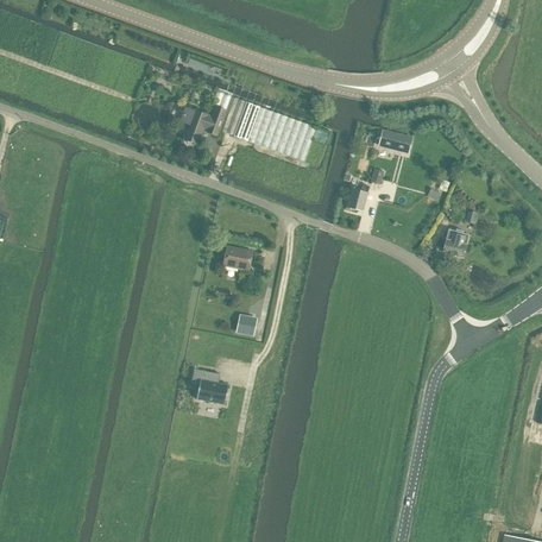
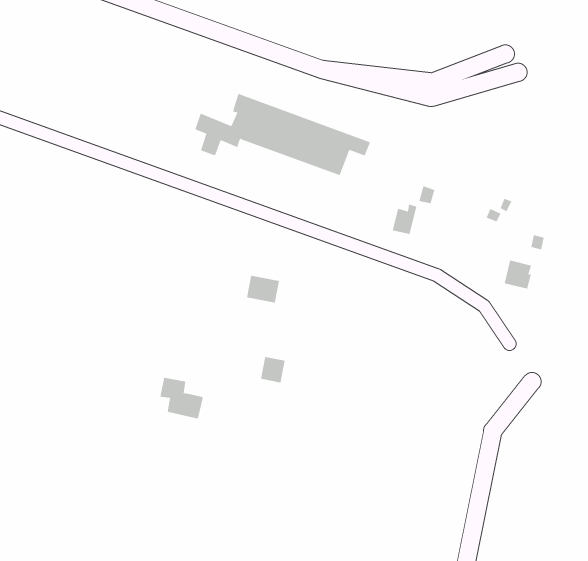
building: [378,130,412,153] -> none
building: [190,368,228,404] -> [159,377,204,419]

